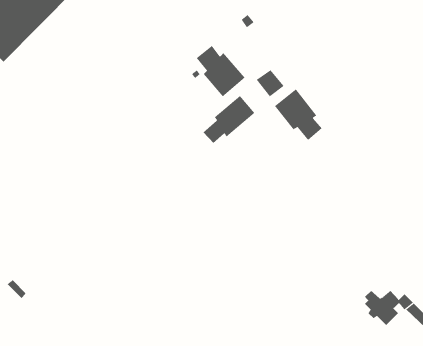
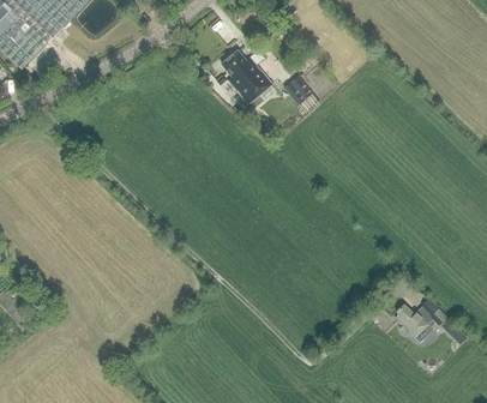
building: [274,88,322,141] -> none
building: [202,95,255,144] -> none

